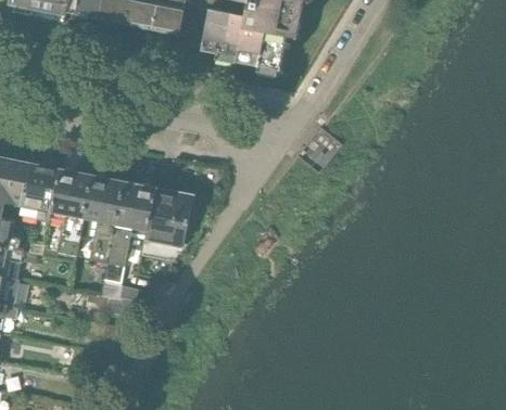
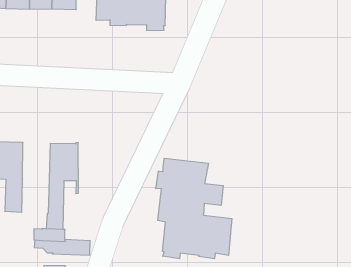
building: [84,176,123,262] -> none
building: [146,187,195,252] -> none
building: none -> [156,158,232,259]

